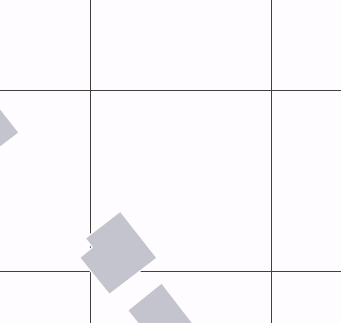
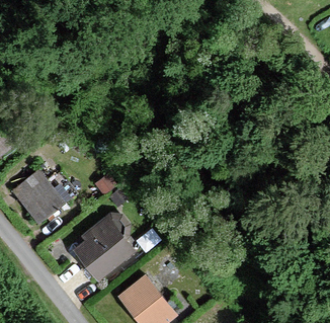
building: none -> [11,170,65,224]

